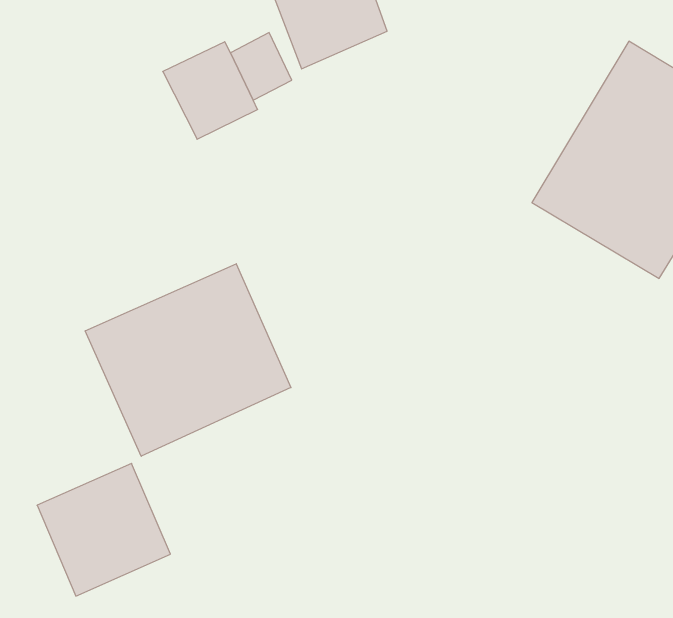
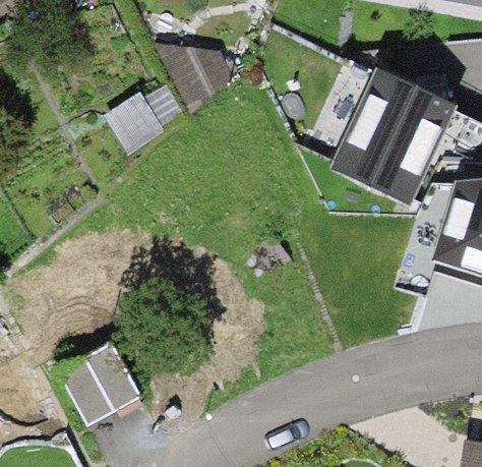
building: [85,264,291,456] -> none

